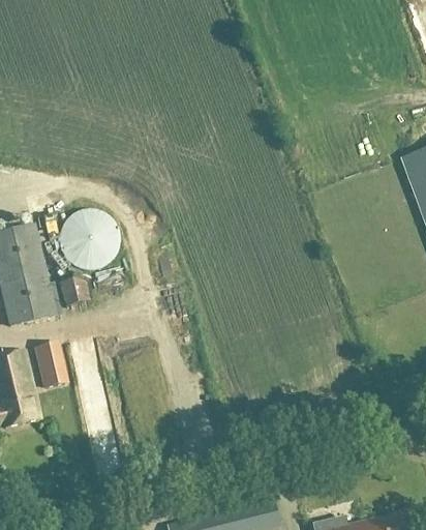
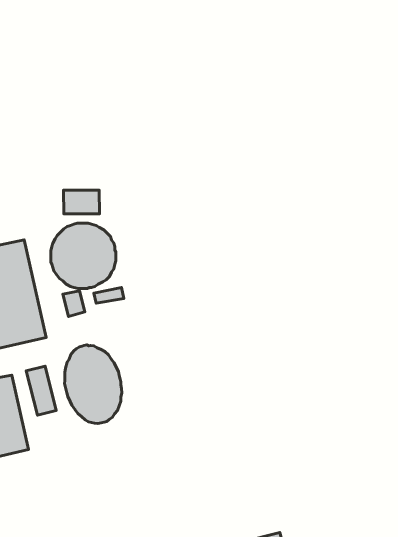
building: none -> [63,190,99,214]
building: none -> [65,345,122,424]

